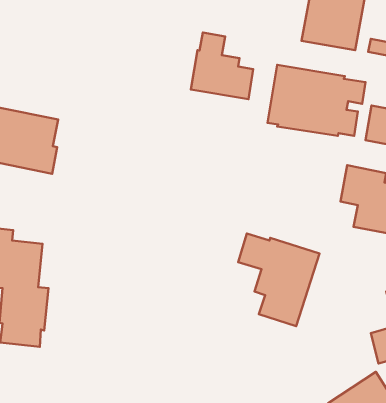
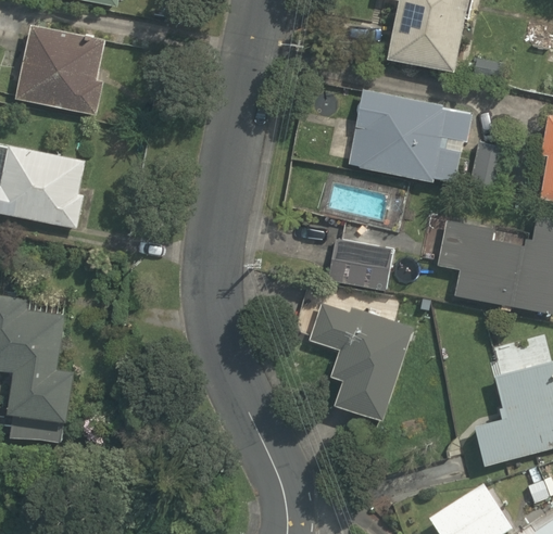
building: none -> [17,26,104,117]
building: [191,32,253,99] -> none
building: none -> [328,239,392,293]

